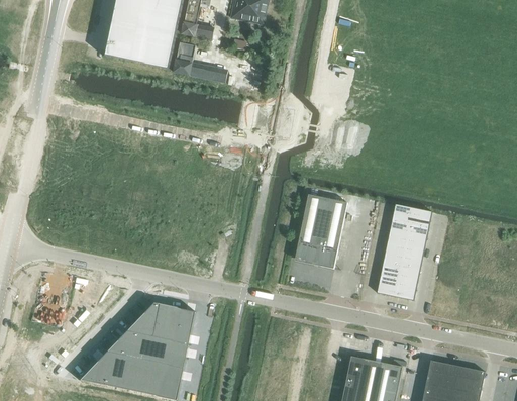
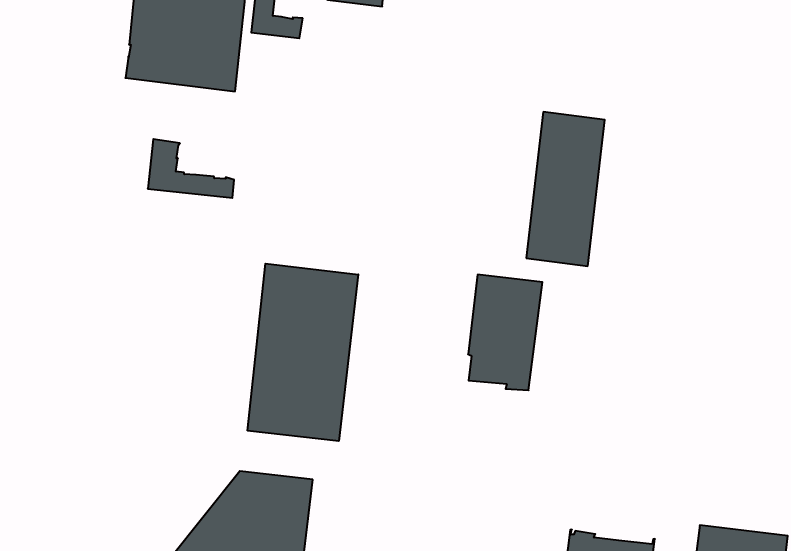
building: [174,42,227,83] -> [148,139,234,198]
building: none -> [248,264,358,441]
building: [377,204,432,301] -> [526,112,605,266]

